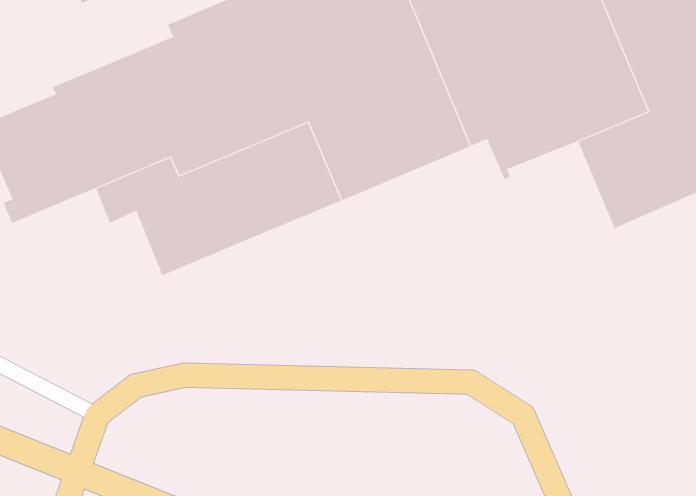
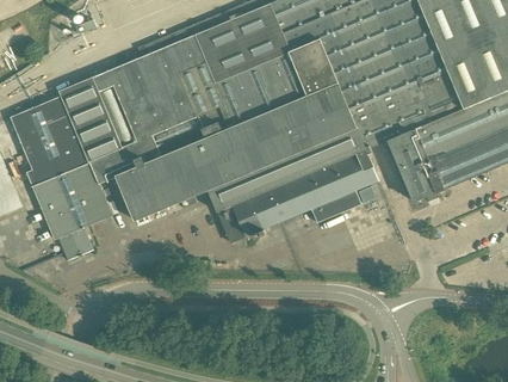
building: none -> [209,128,379,244]
building: none -> [389,129,444,202]
building: none -> [32,161,112,261]

